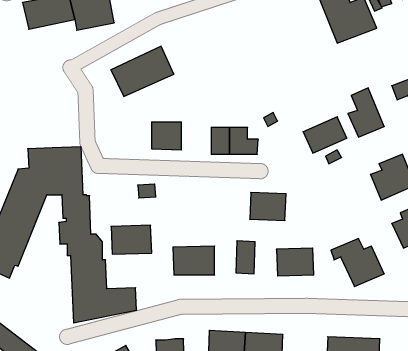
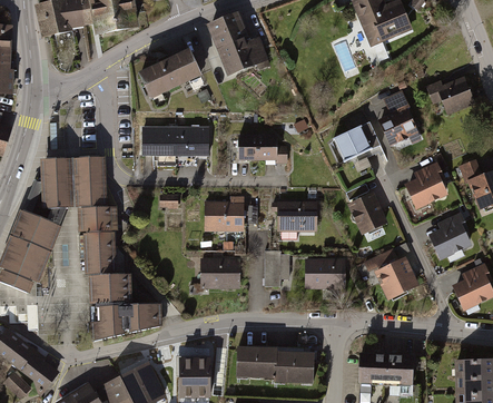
building: none -> [205,11,269,77]
building: none -> [141,128,176,156]
building: none -> [346,191,387,235]
building: [111,225,152,254] -> [203,202,245,232]

